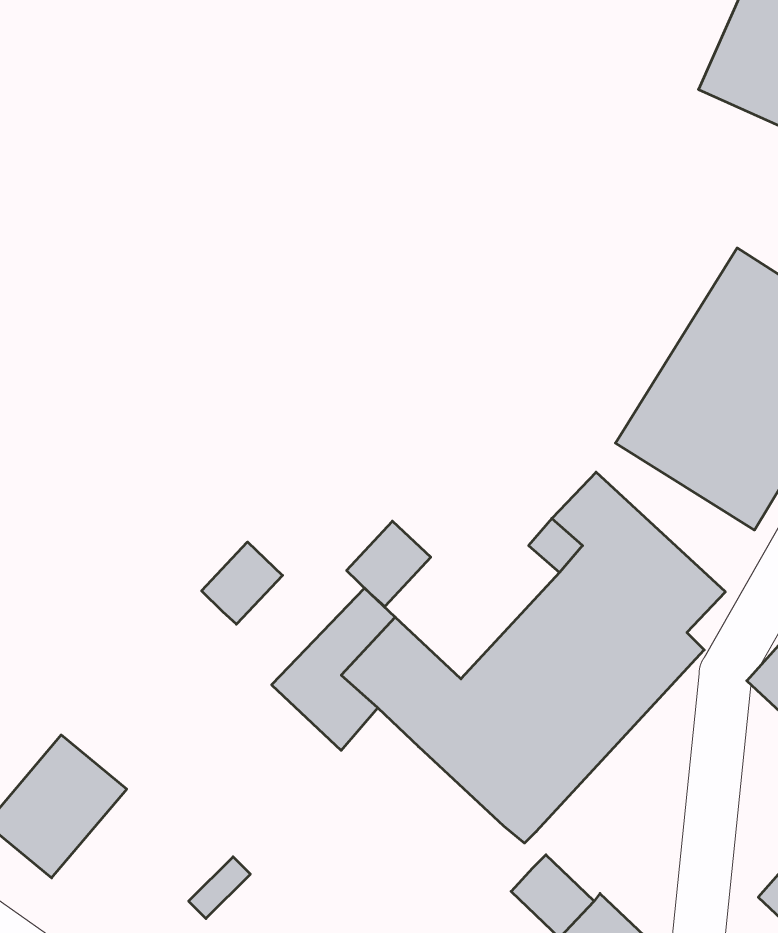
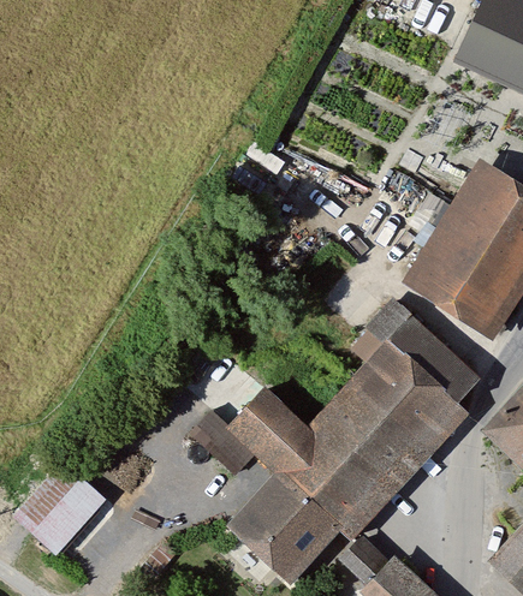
building: [347,521,431,607] -> none
building: [202,542,283,624] -> none
building: none -> [234,472,338,577]

